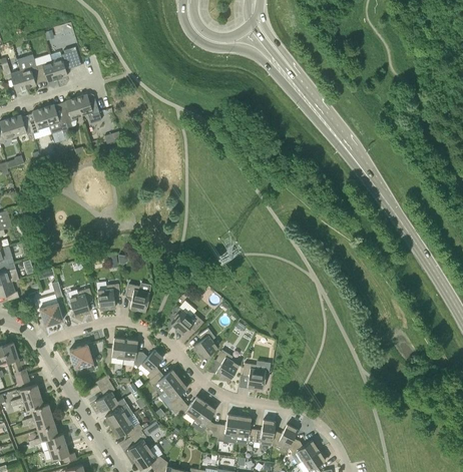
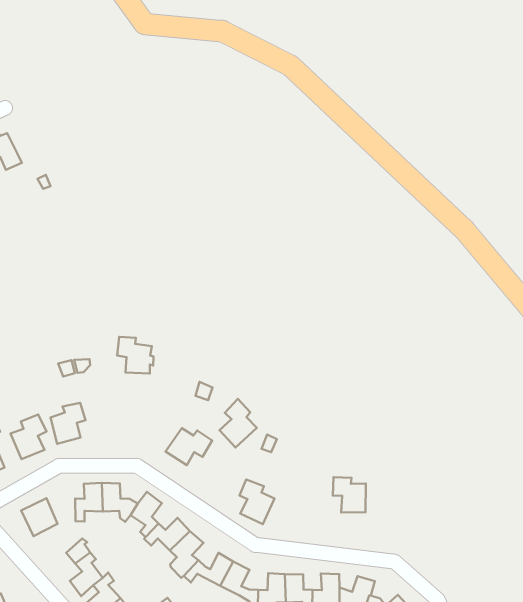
building: [125,285,149,312] -> [117,337,153,374]
building: [192,328,217,360] -> [220,399,257,447]
building: [243,364,266,390] -> [333,477,366,512]

